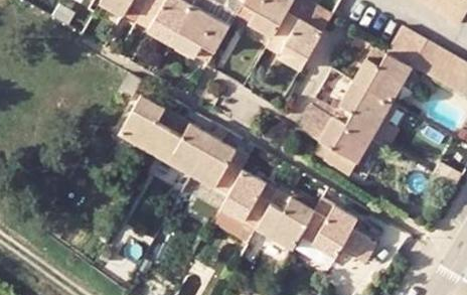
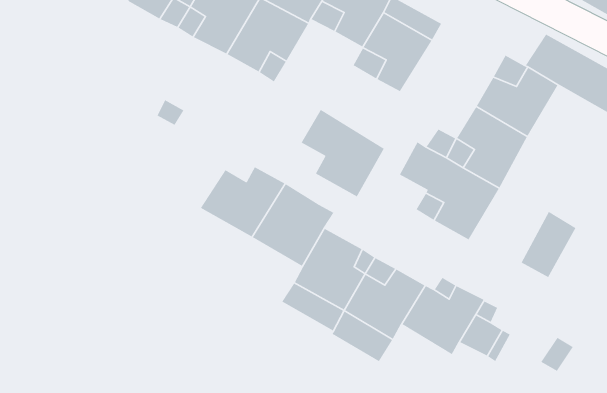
building: none -> [301,109,385,198]
building: [120,96,170,154] -> none
building: [367,103,408,151] -> [520,211,576,278]

